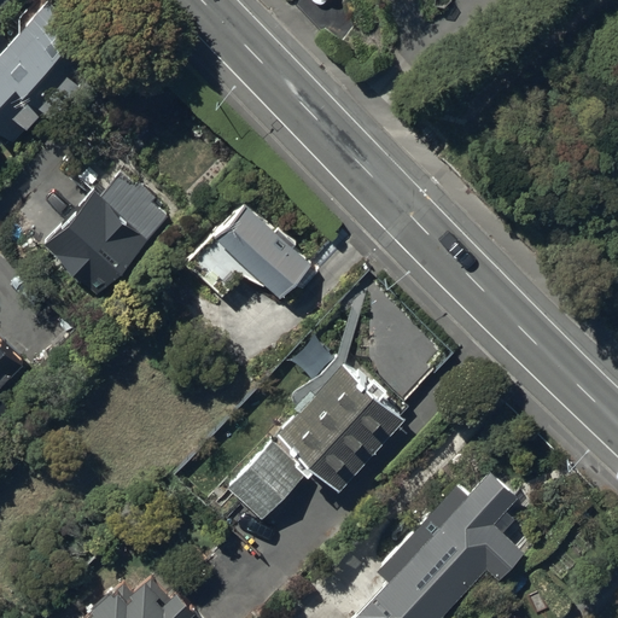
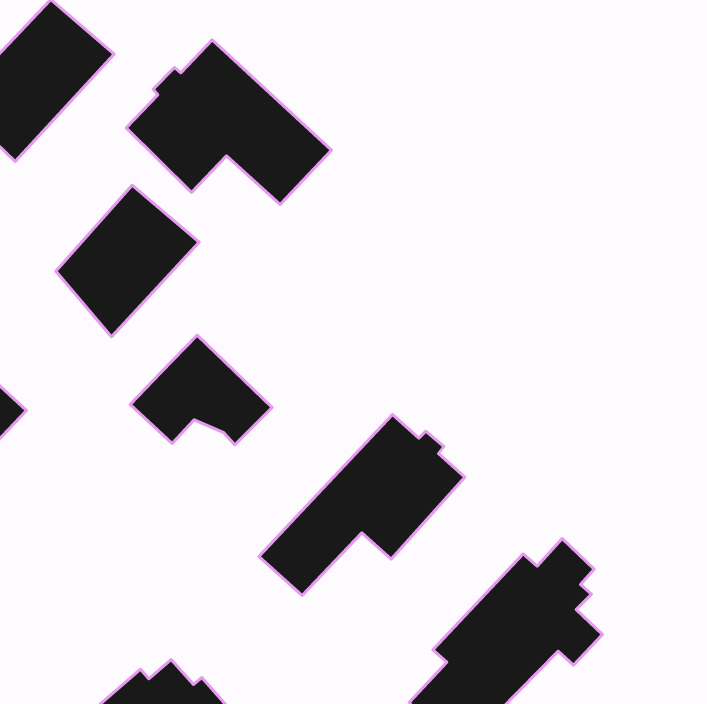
building: none -> [126,40,332,204]
building: [185,204,308,299] -> [130,335,272,445]

